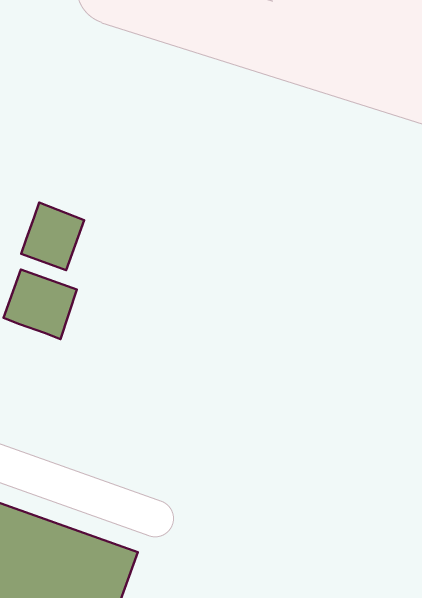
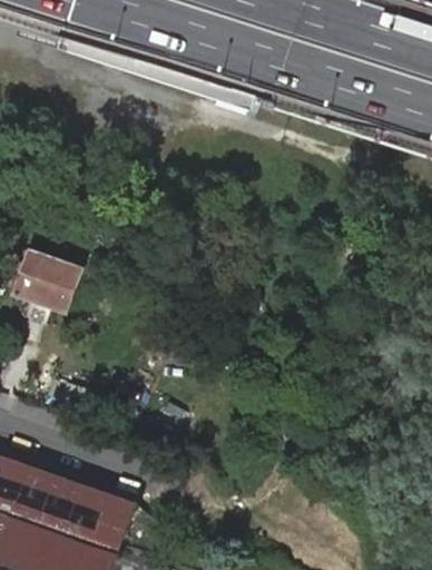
building: [21,202,84,270] -> none

